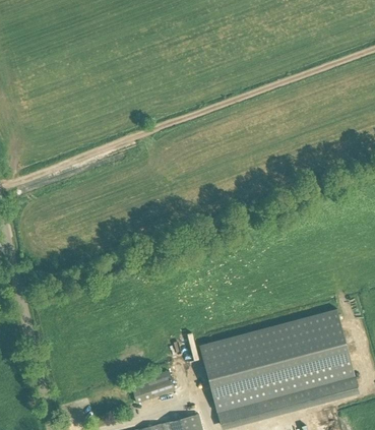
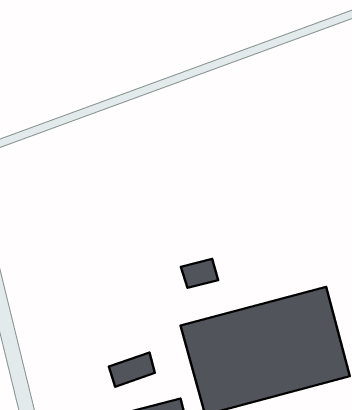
building: none -> [181,259,218,288]

